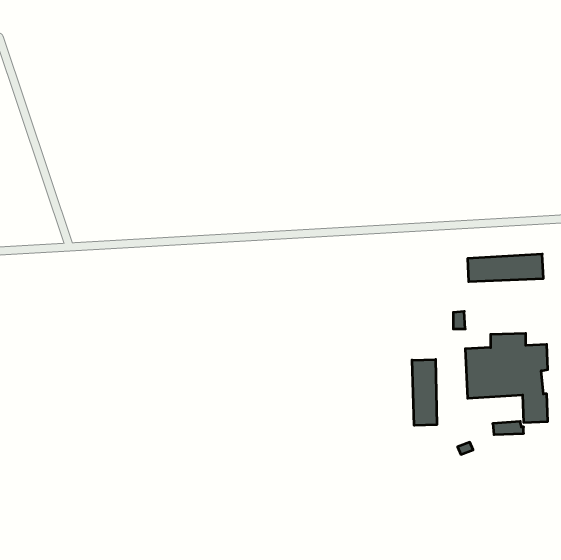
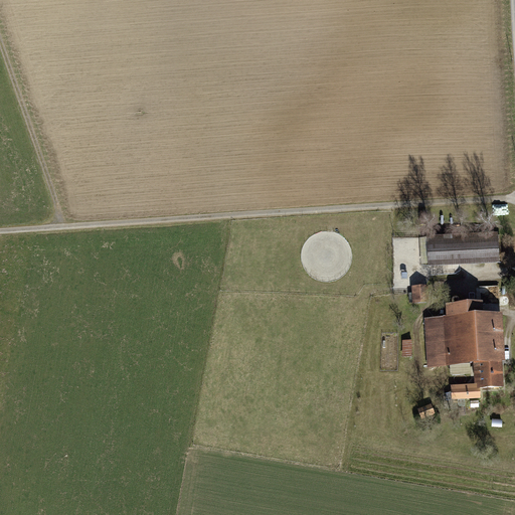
building: [412,359,437,425] -> none

